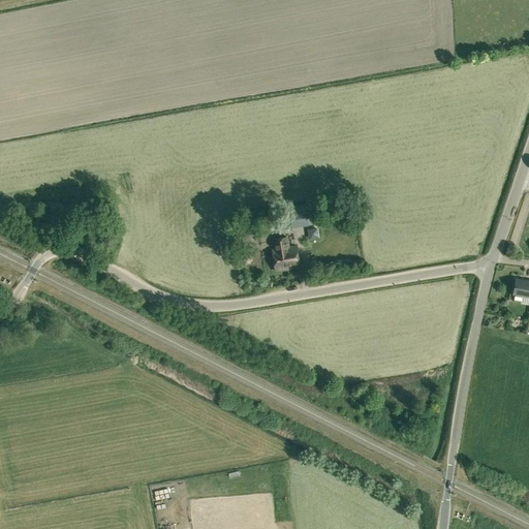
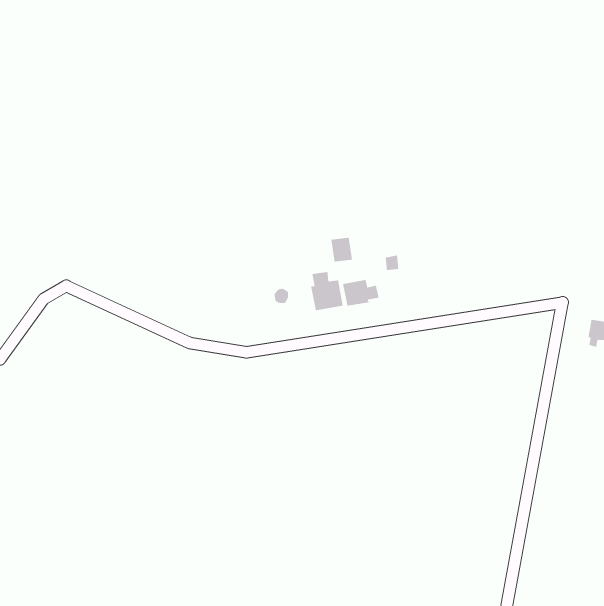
building: none -> [343,279,379,307]

